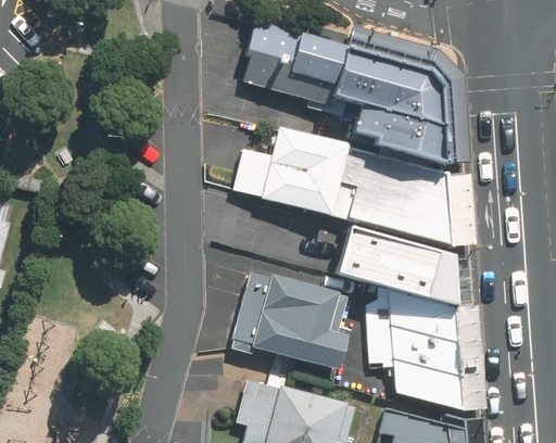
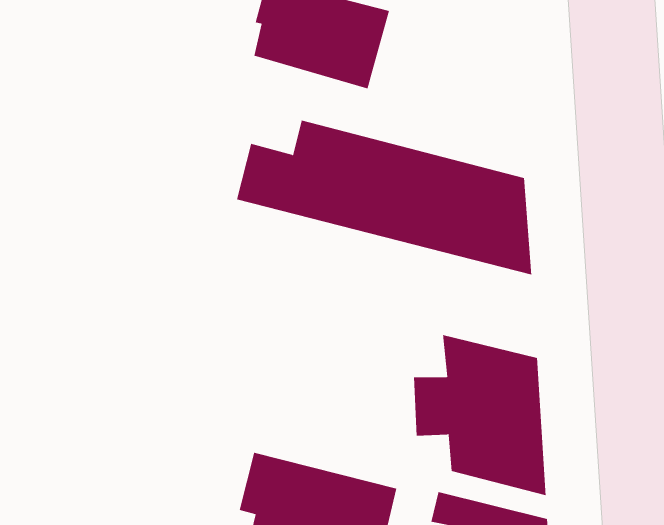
building: [336,48,450,164] -> none
building: [340,227,458,304] -> none
building: [235,271,350,368] -> none

